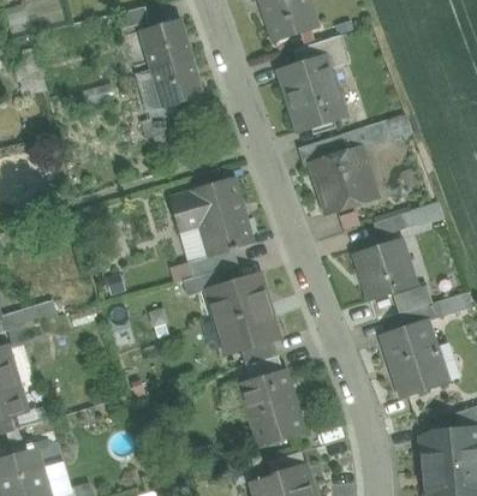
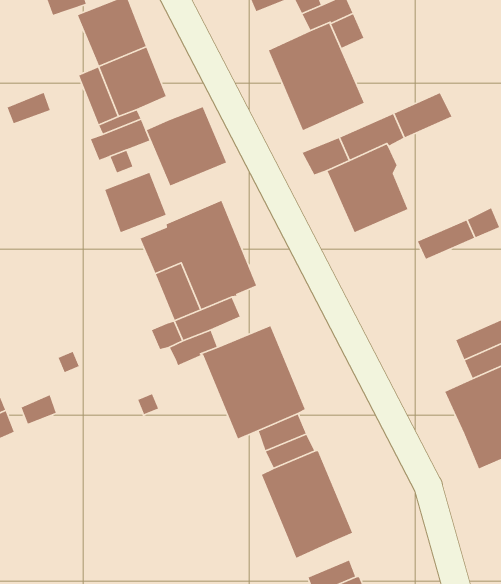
building: none -> [146,106,227,186]
building: none -> [104,172,167,233]
building: [354,239,416,299] -> none

